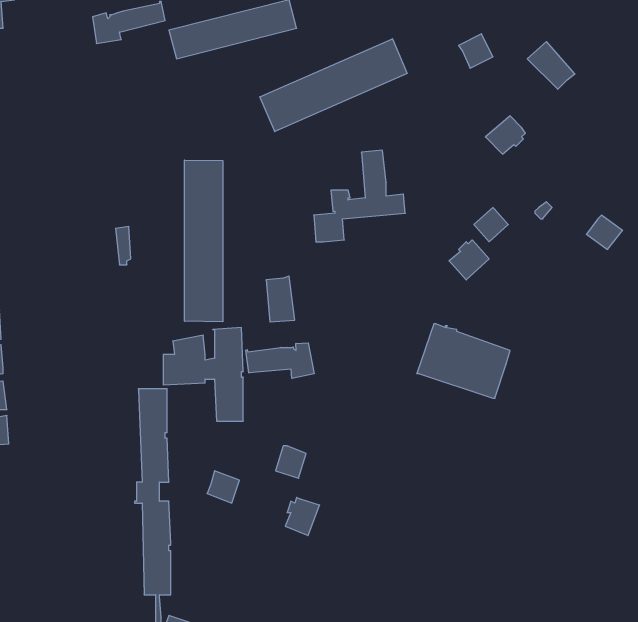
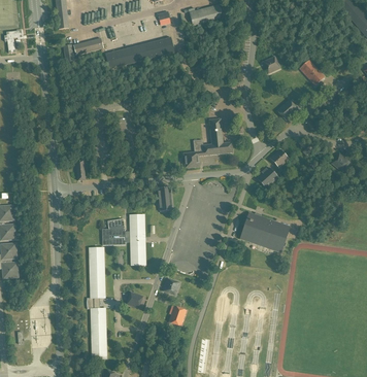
building: [260,39,407,132] -> none
building: [185,160,223,322] -> none
building: [246,343,314,378] -> none

